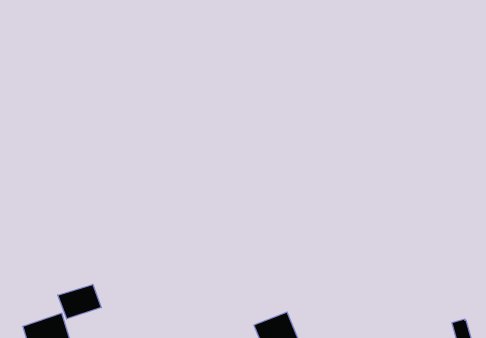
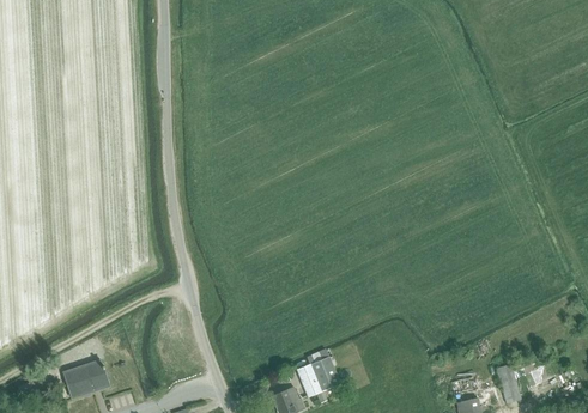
building: [58,284,101,319] -> none

